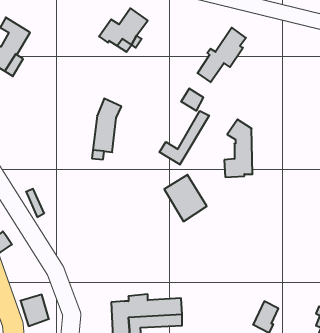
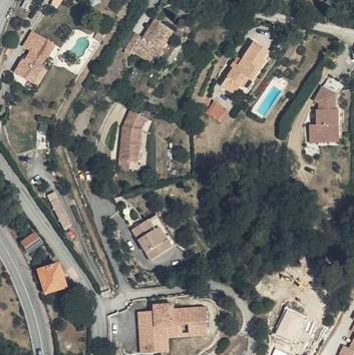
building: [159,111,209,165] -> none
building: [224,119,253,177] -> [310,84,338,141]
building: [164,175,207,221] -> [131,213,173,259]
building: [20,295,49,326] -> [38,261,66,292]

